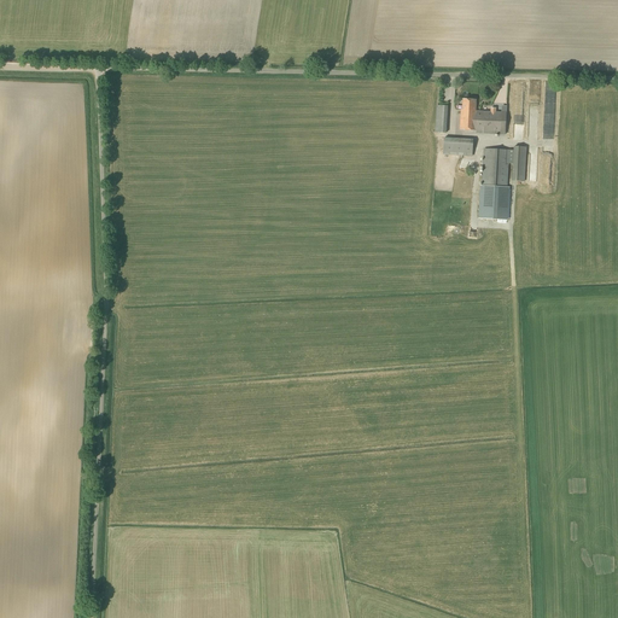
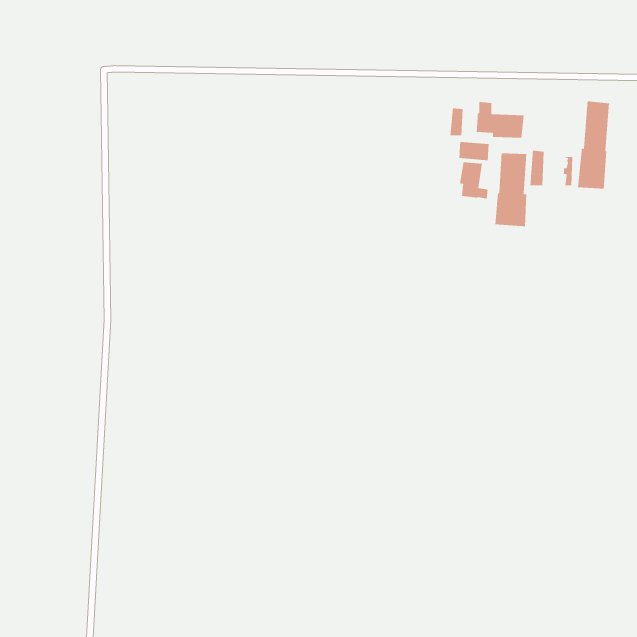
building: none -> [577,100,610,190]
building: none -> [459,161,488,199]

